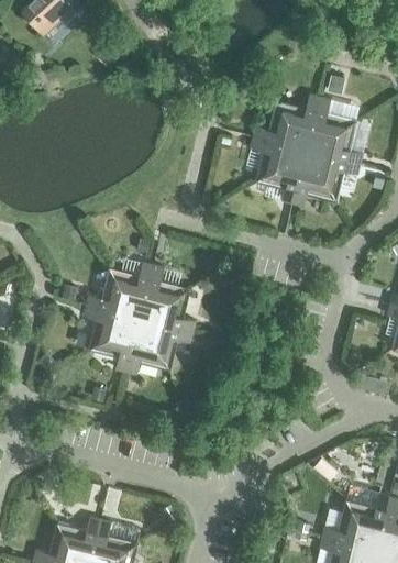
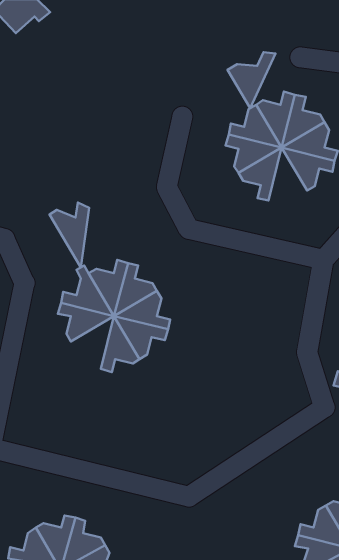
building: none -> [227,52,275,108]
building: [292,148,331,205] -> none
building: none -> [50,203,89,267]
building: [96,317,139,369] -> none

